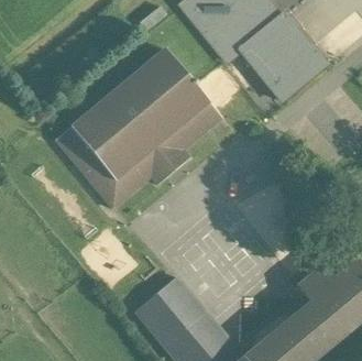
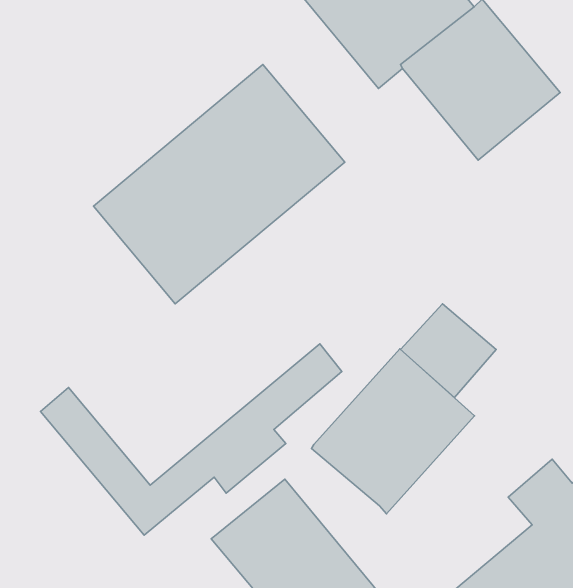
building: [54,102,220,208] -> [41,344,342,535]
building: none -> [312,349,475,514]

